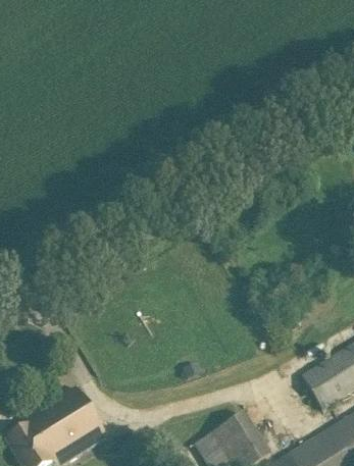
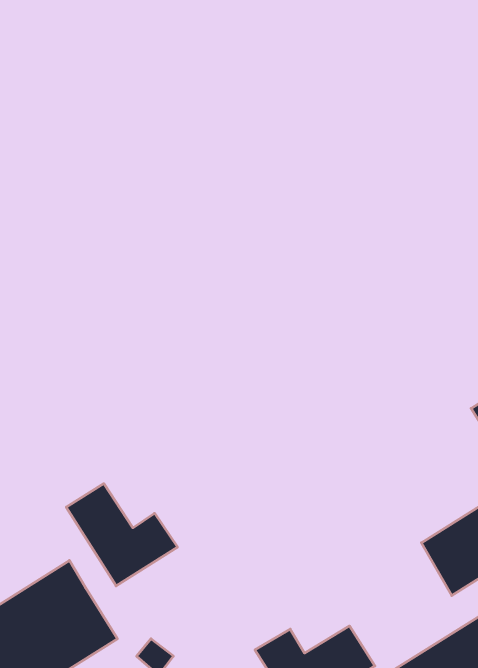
building: none -> [66,484,177,586]

